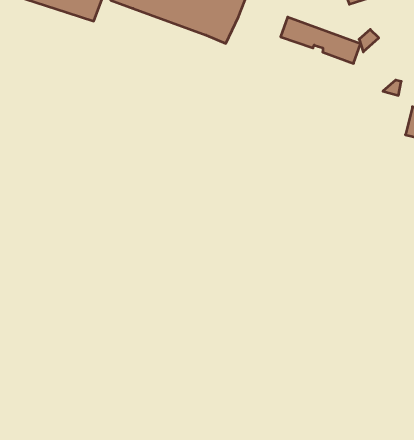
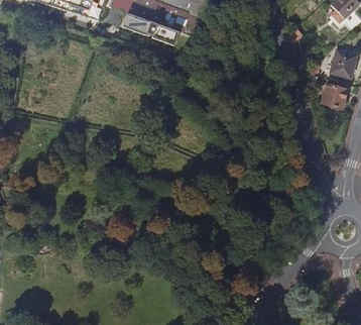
building: [281,17,361,63] -> [122,12,179,45]

